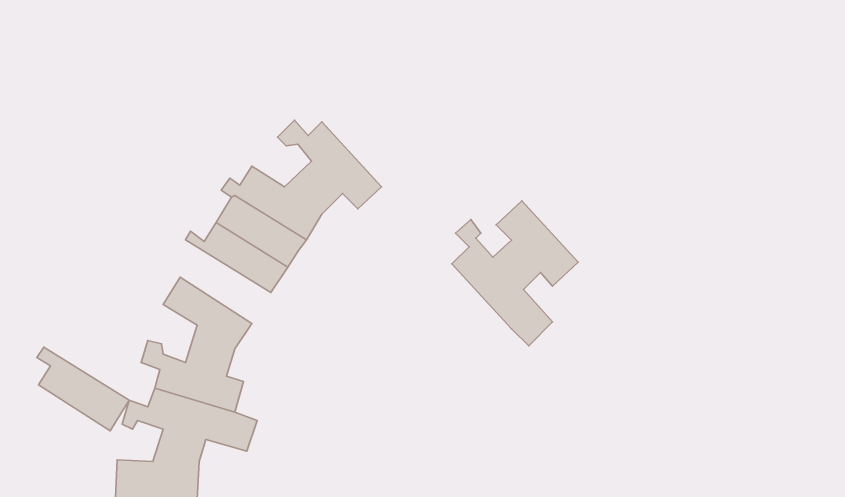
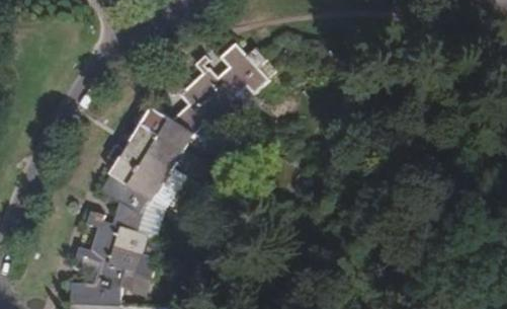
building: [452,201,578,346] -> [193,44,268,130]
building: [37,347,129,431] -> [108,151,163,201]

